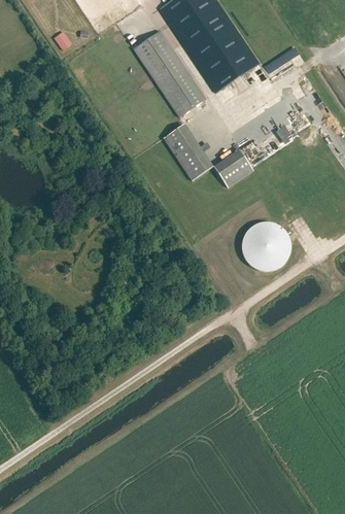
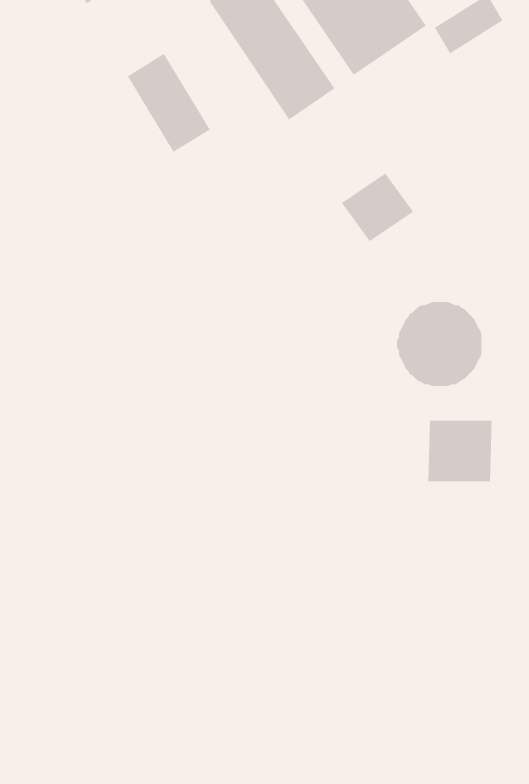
building: [161,122,209,179] -> [127,53,211,153]
building: none -> [427,420,493,482]

